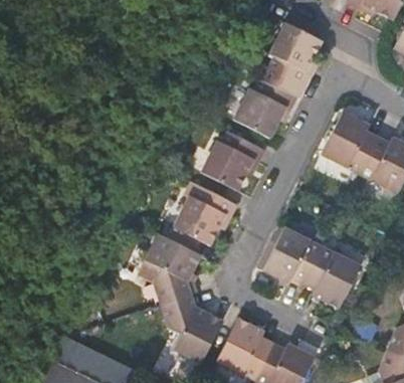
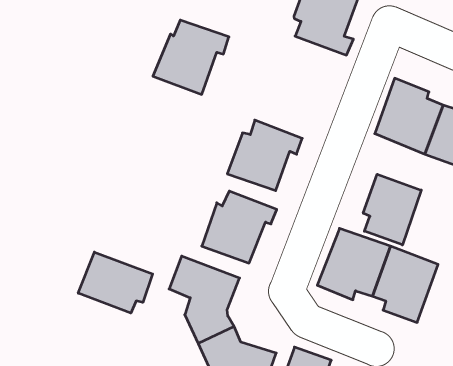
building: [233,78,297,140] -> [153,20,229,94]
building: none -> [363,174,421,245]
building: none -> [78,252,153,313]

